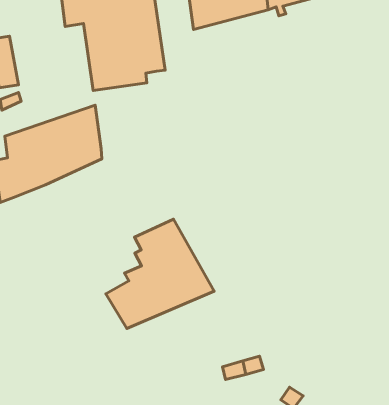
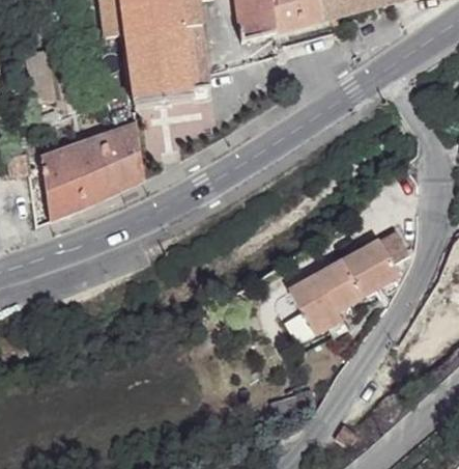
building: none -> [288,228,408,333]
building: [106,219,214,329] -> none

